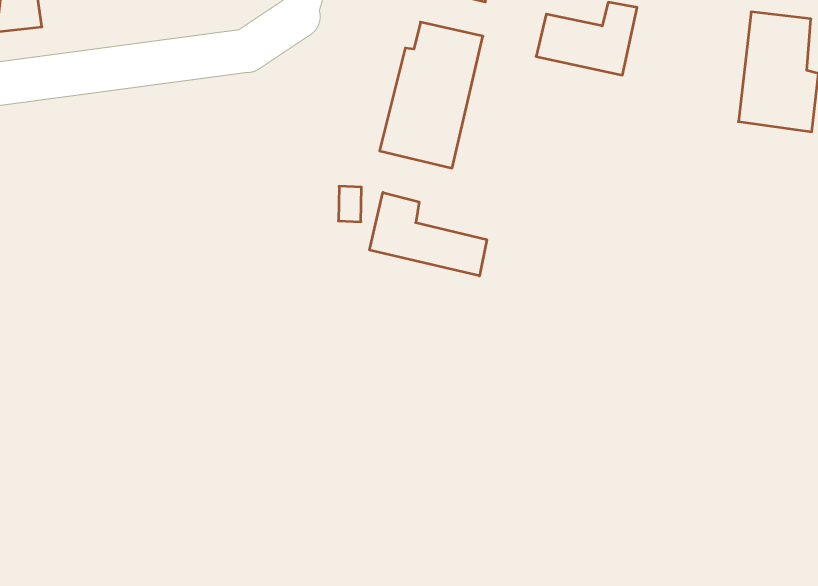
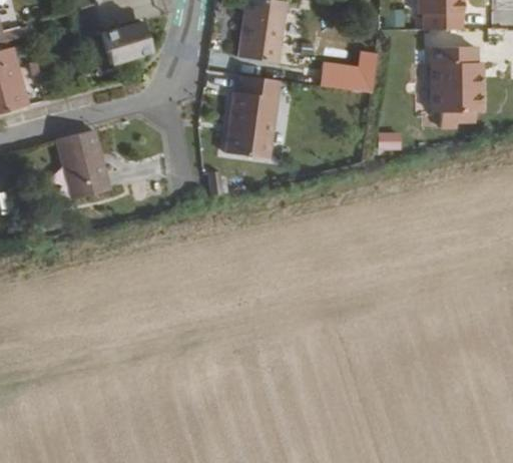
building: none -> [56,128,109,197]
building: [370,192,487,276] -> none

